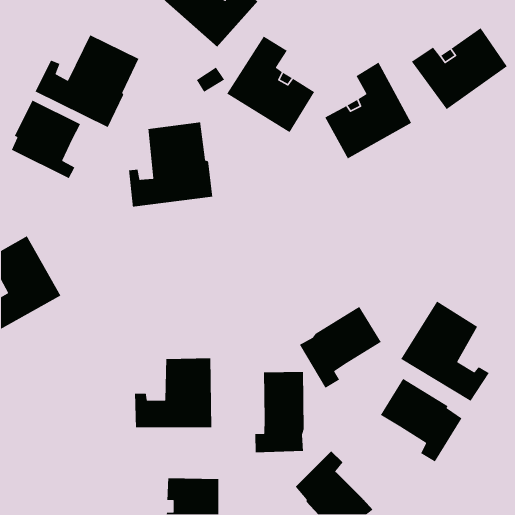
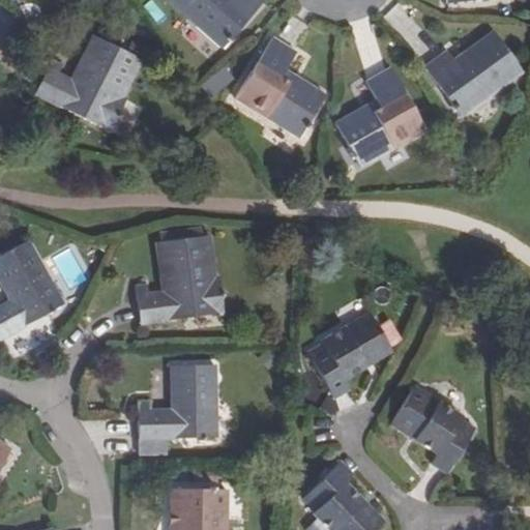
building: [11,100,81,179] -> none
building: [128,122,213,207] -> [137,236,224,324]
building: [400,300,490,402] -> none
building: [254,371,305,453] -> none

